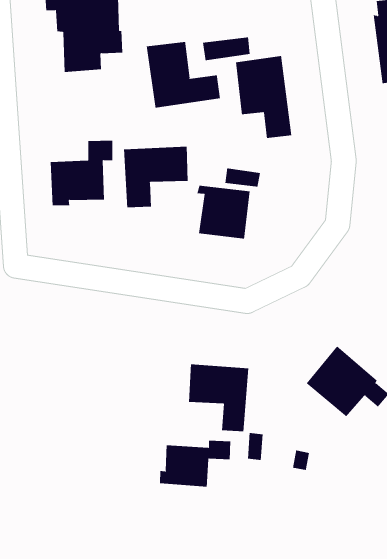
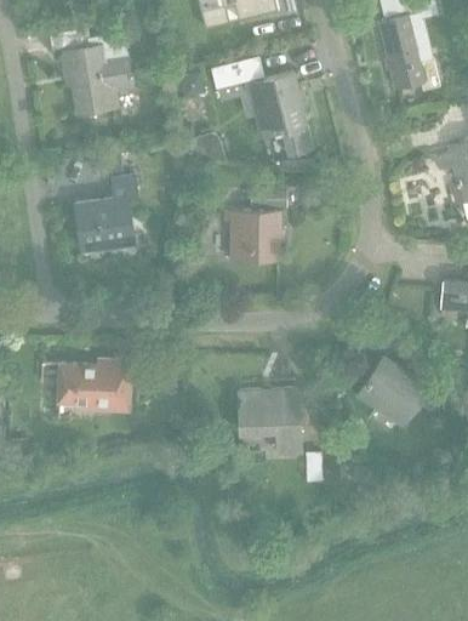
building: [146,41,220,109] -> none
building: [124,146,188,208] -> none
building: none -> [57,365,129,411]
building: [160,440,231,488] -> none

